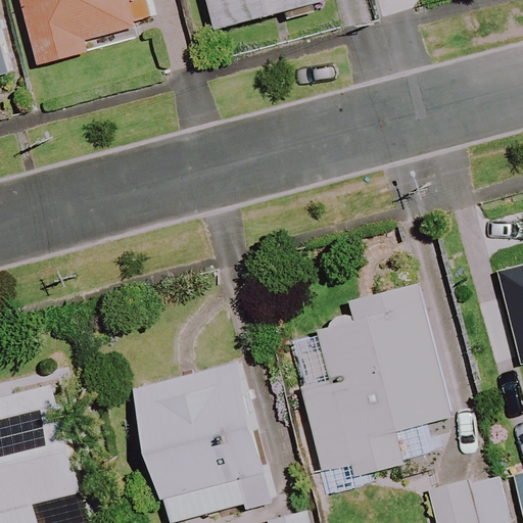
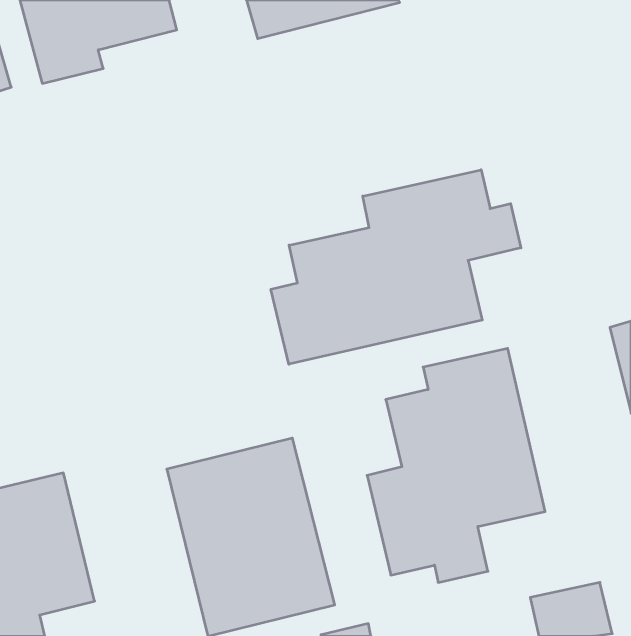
building: none -> [271,170,521,364]

